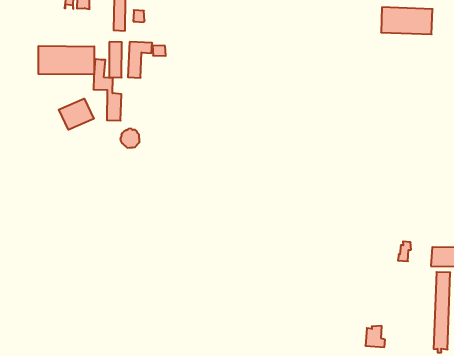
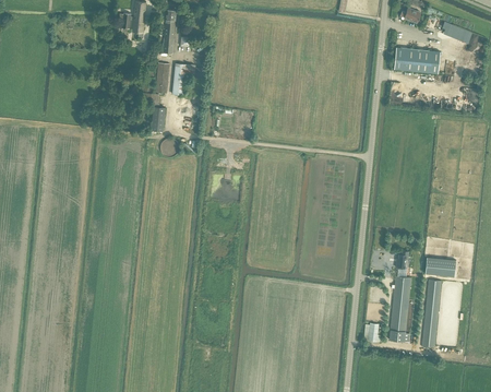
building: [38,46,94,74] -> none
building: [59,99,94,130] -> none
building: none -> [390,276,411,341]

